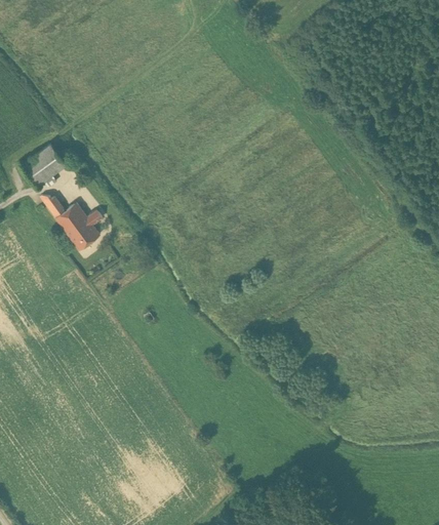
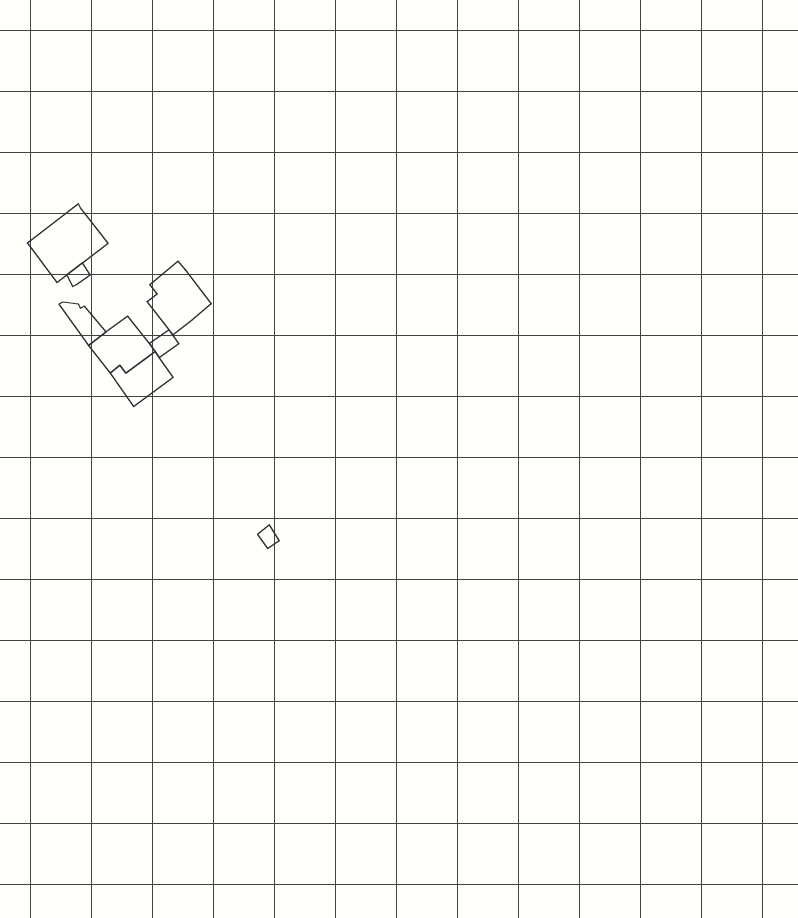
building: none -> [147,261,211,335]

